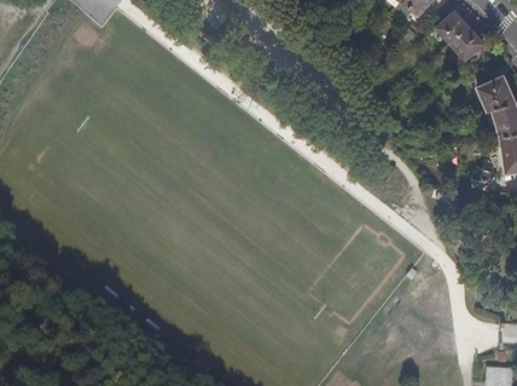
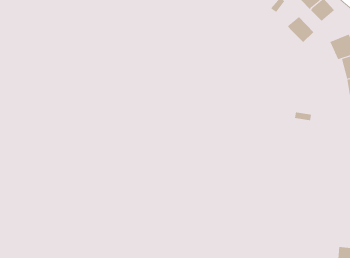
building: none -> [287,16,314,43]

